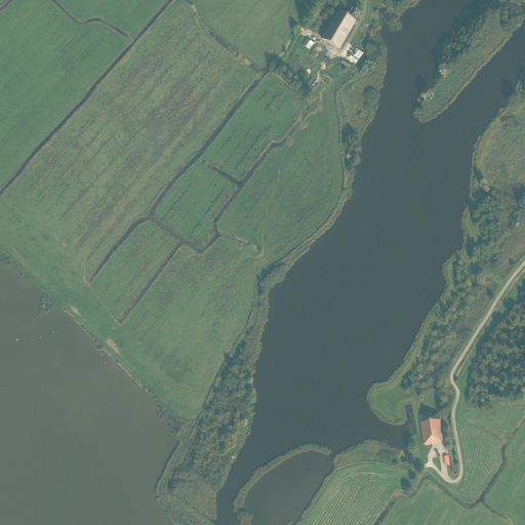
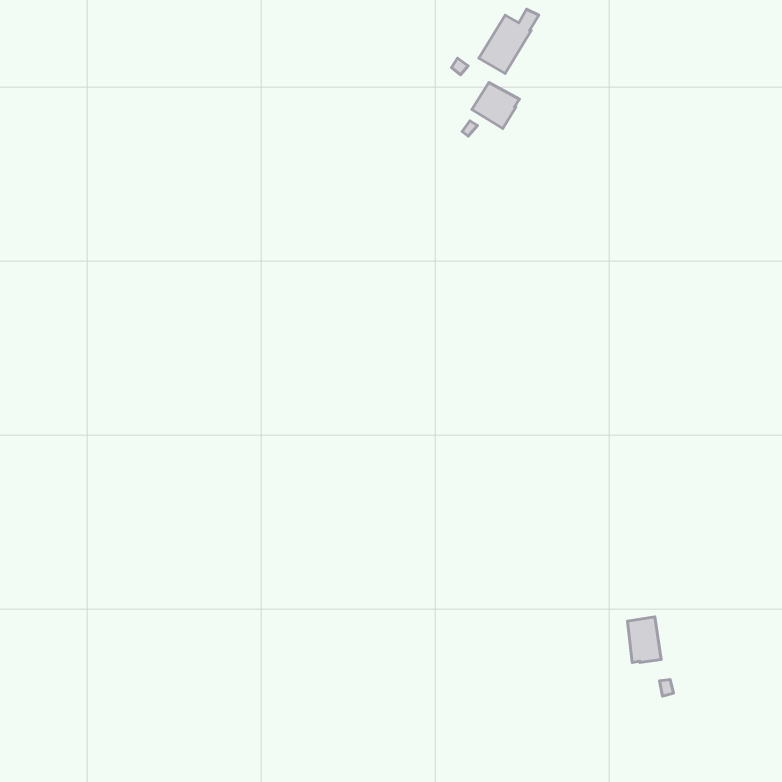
building: none -> [472,82,519,128]

